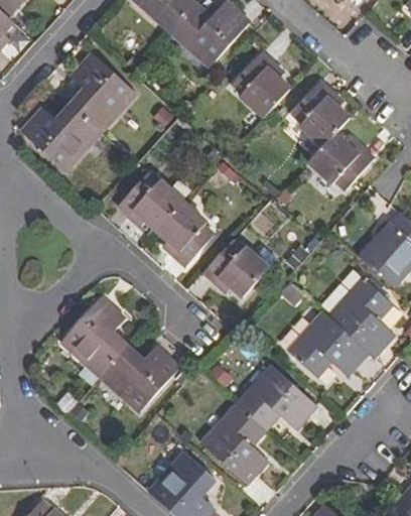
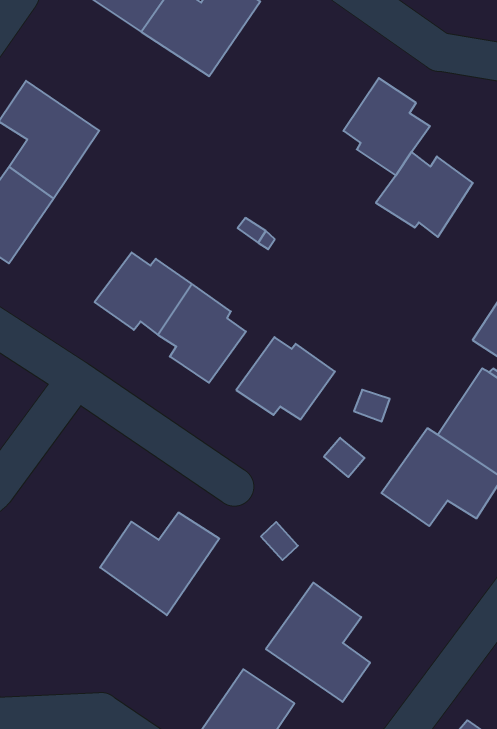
building: [234,53,290,117] -> none
building: [60,297,124,376] -> none
building: [237,365,316,429] -> none

